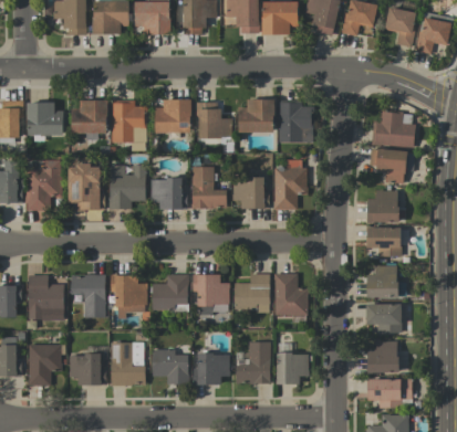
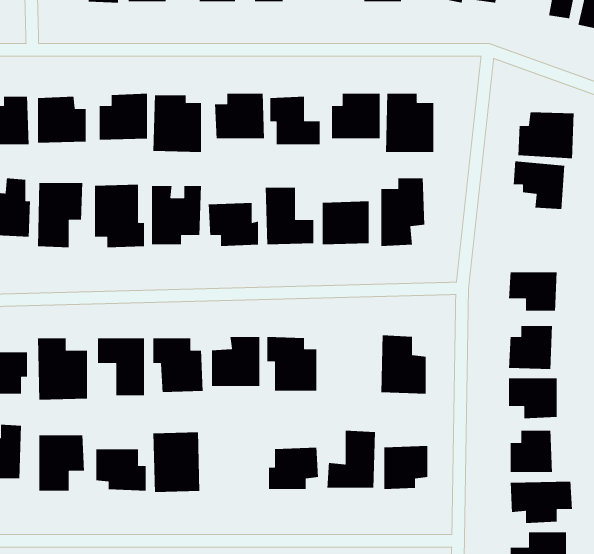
building: [367,190,398,222] -> none
building: [235,273,270,312] -> none
building: [153,349,188,384] -> none

